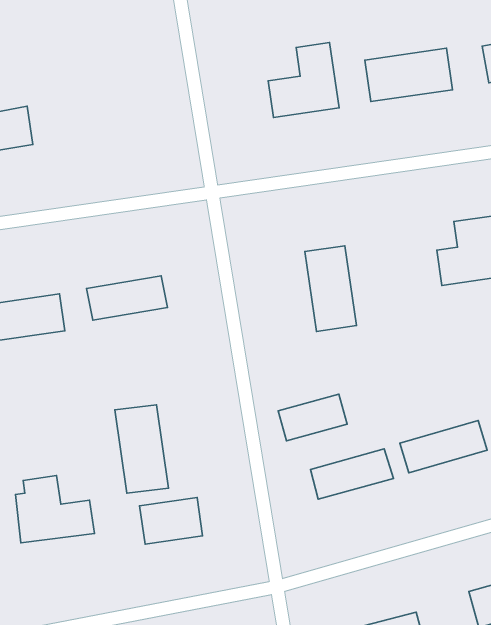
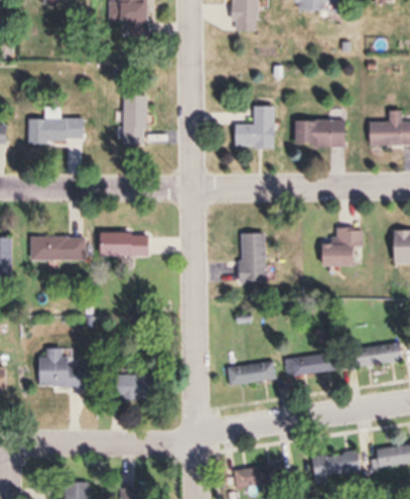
building: none -> [122,95,147,144]
building: [278,394,347,441] -> none
building: [115,405,169,493] -> none

